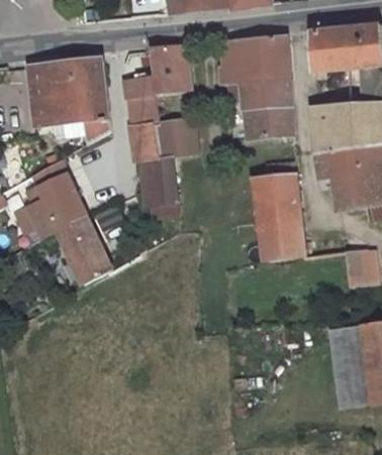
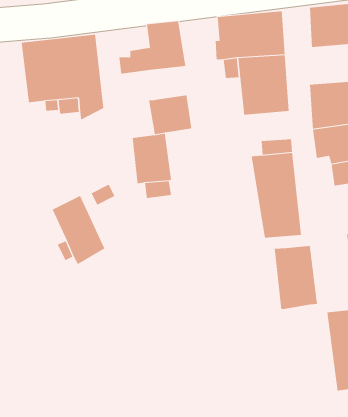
building: [126,93,160,160] -> none
building: [15,159,87,237] -> none
building: none -> [274,245,318,310]

